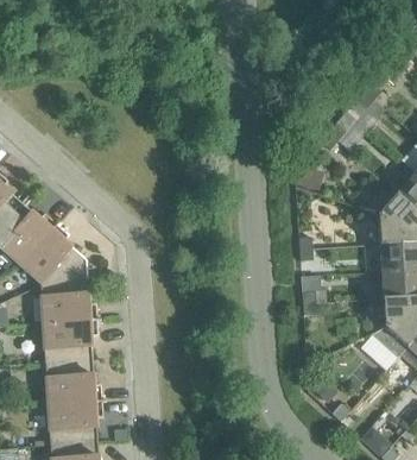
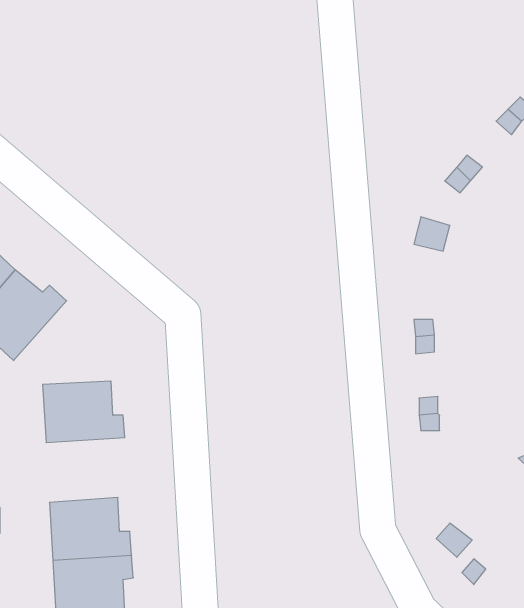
building: [19,223,87,282] -> none
building: [42,319,97,364] -> none

